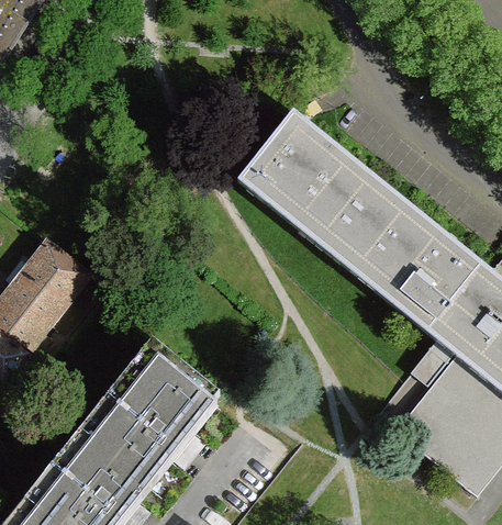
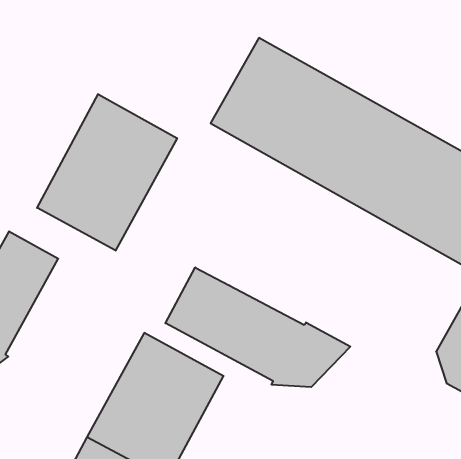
building: none -> [37,94,177,251]
building: none -> [165,267,350,387]

